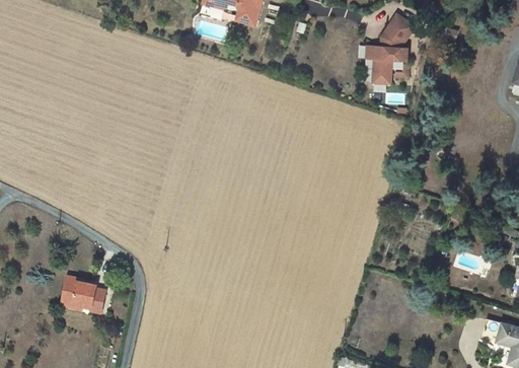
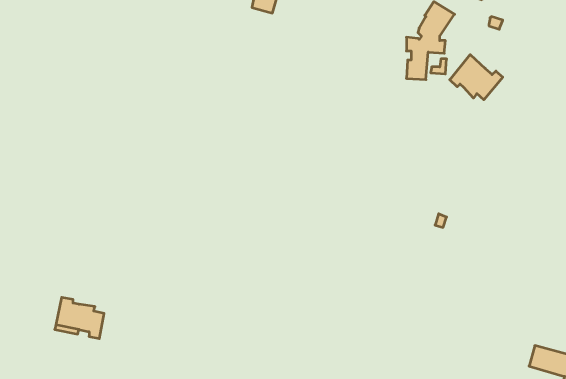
building: none -> [450,55,503,100]

